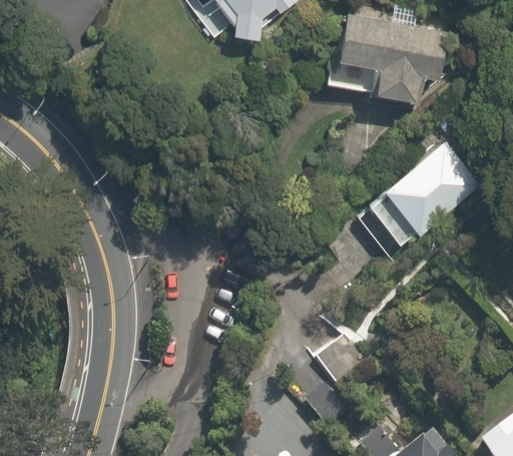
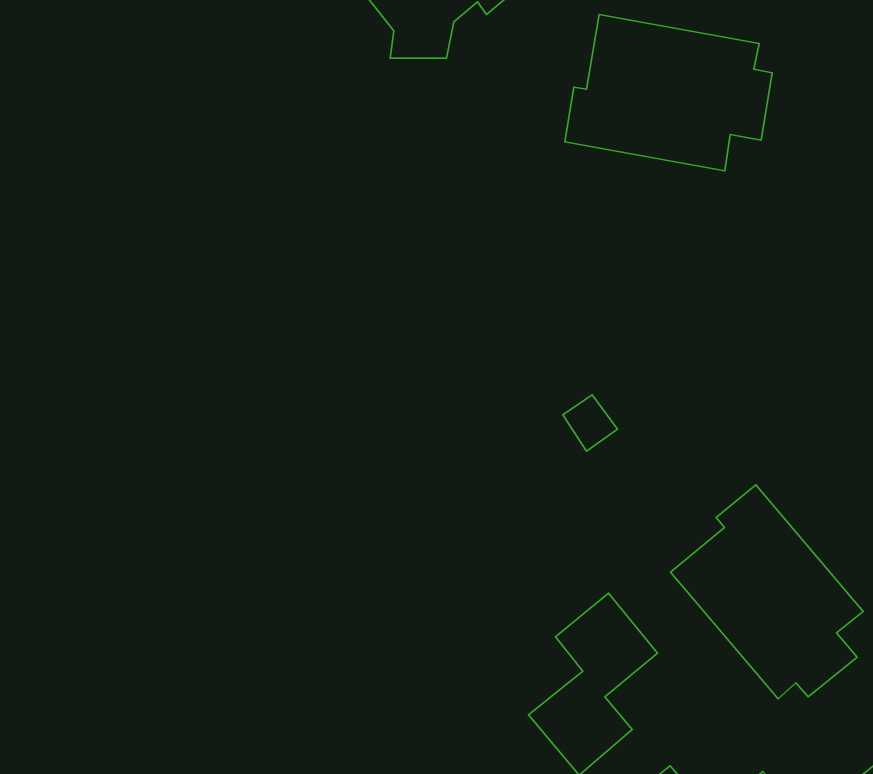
building: [369,137,483,248] -> none
building: none -> [671,485,863,699]

